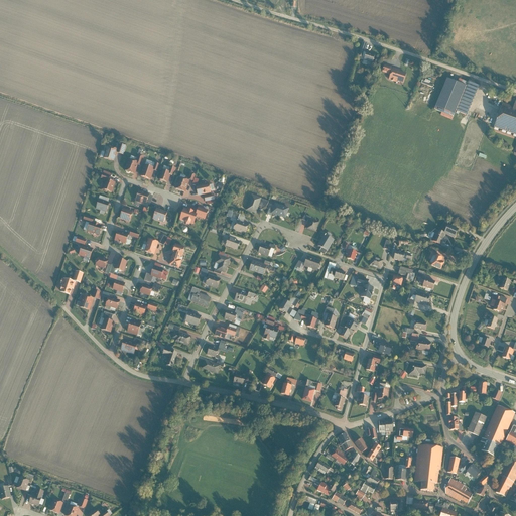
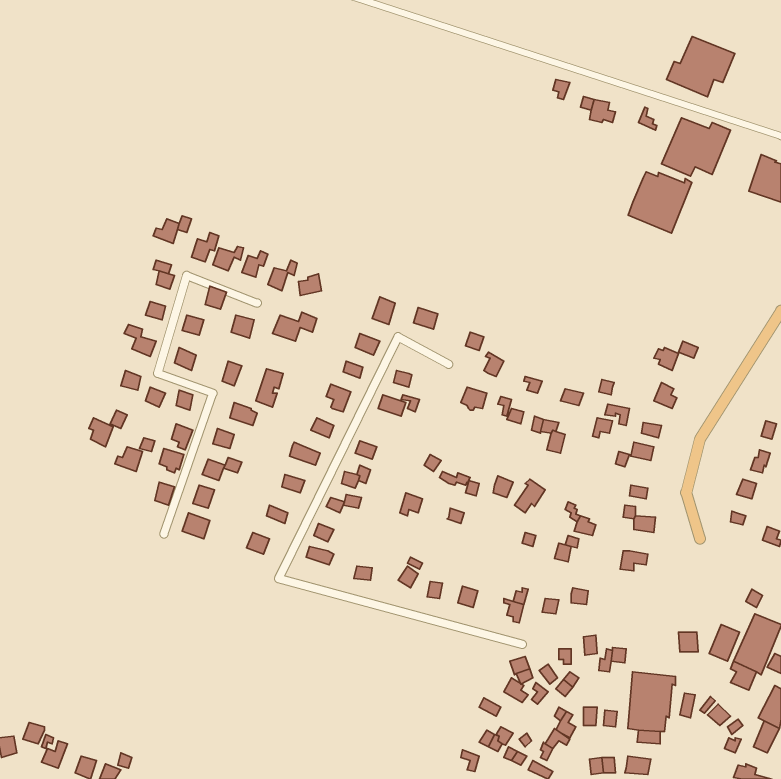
building: none -> [667,36,735,97]
building: none -> [628,172,692,233]
building: [444,477,473,502] -> none

